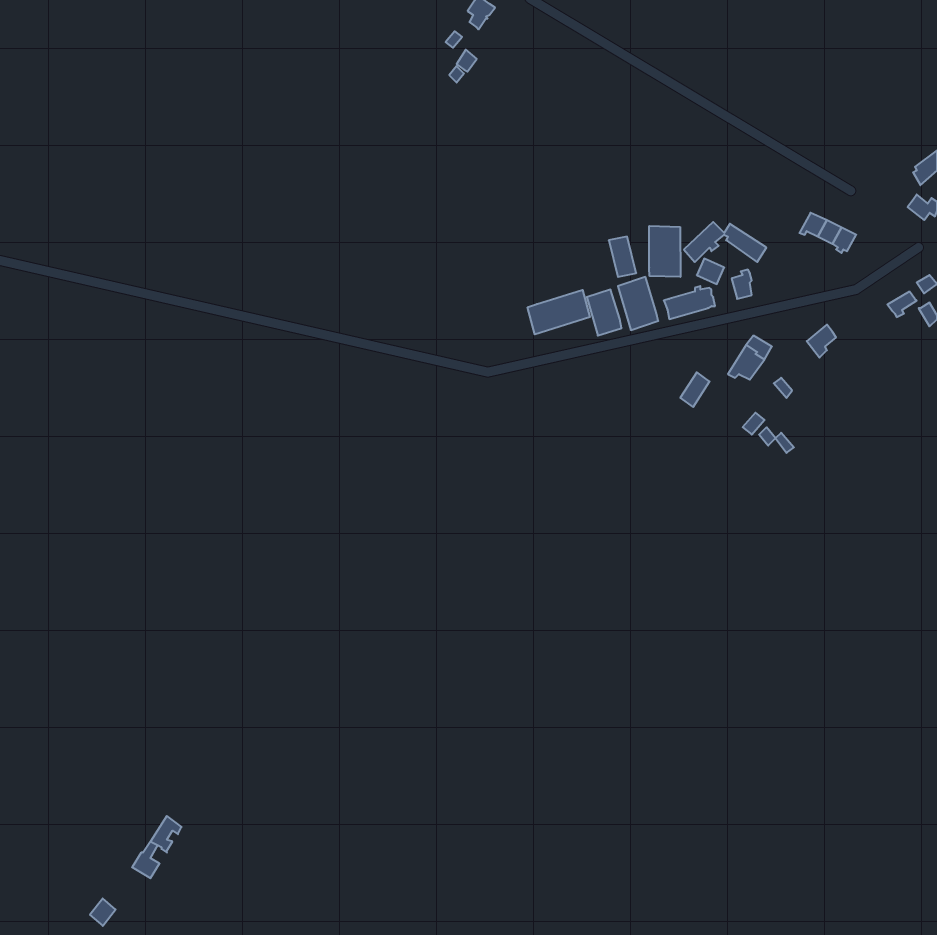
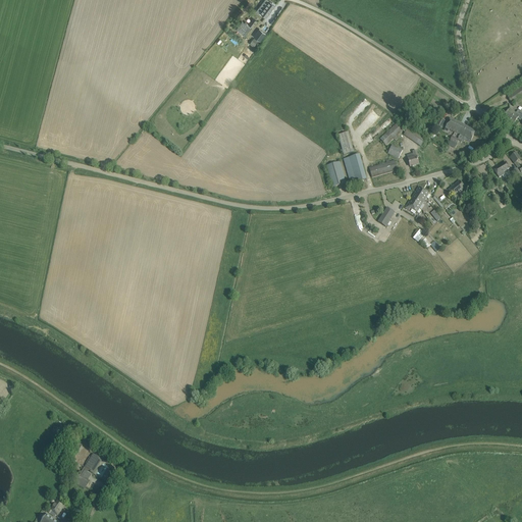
building: [649,226,680,277] -> none
building: [528,290,590,334] -> none

